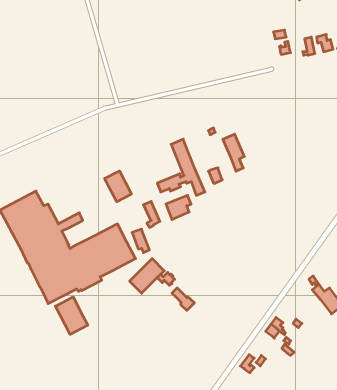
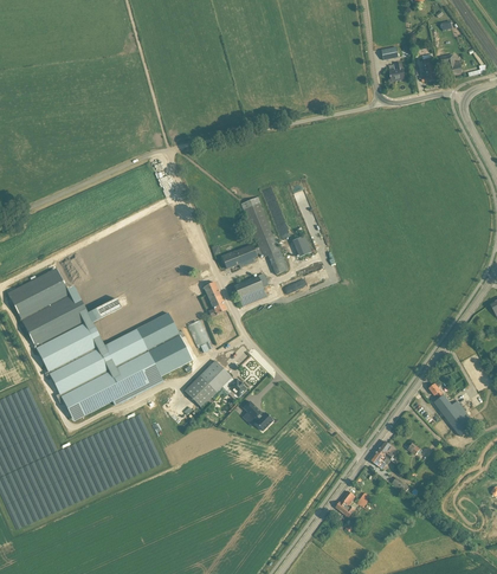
building: [223,134,244,171] -> none
building: [105,171,131,202] -> none
building: [55,297,88,334] -> none

